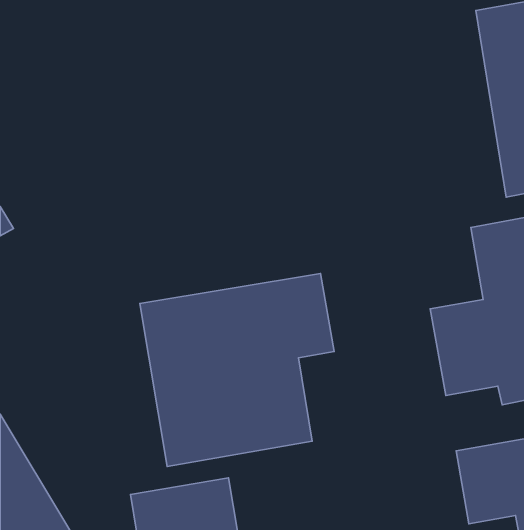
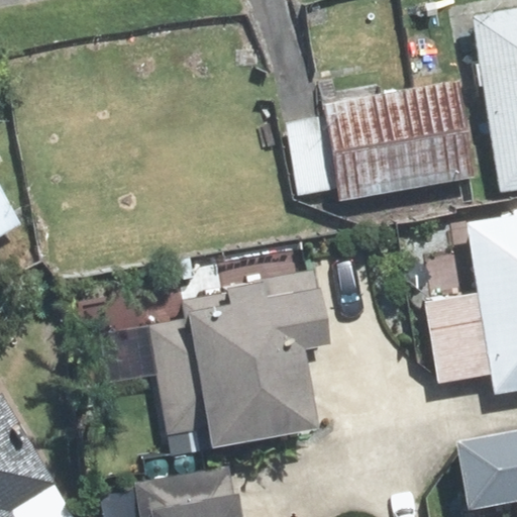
building: none -> [286,78,475,208]

